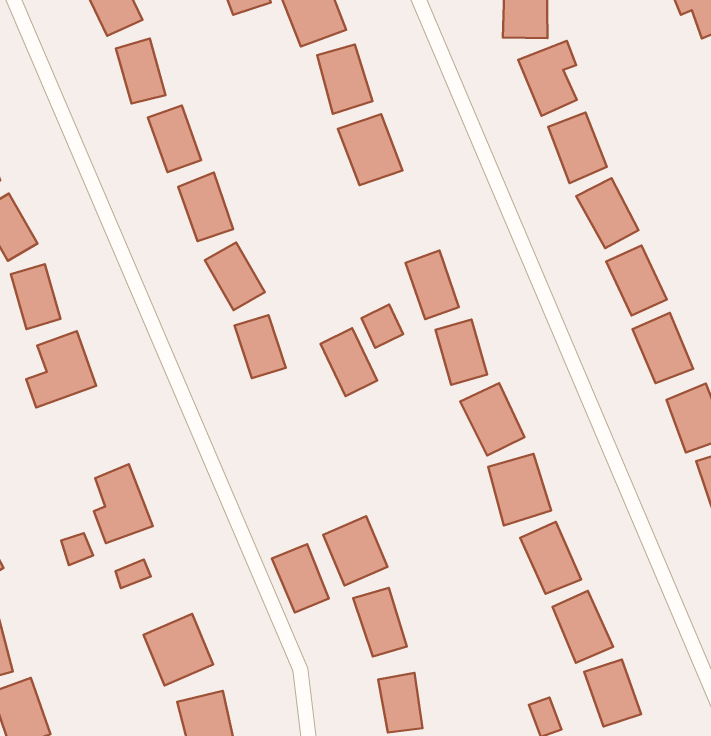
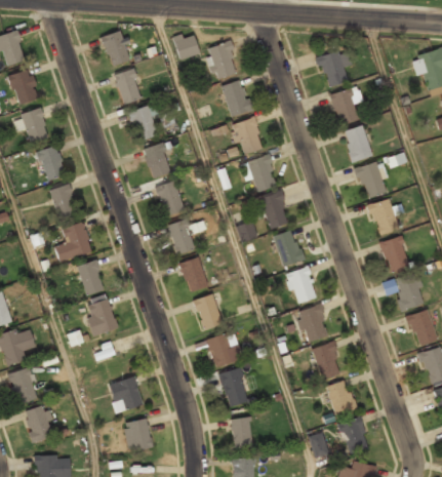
building: none -> [244,155,277,192]
building: [320,328,377,396] -> [179,256,208,292]
building: none -> [77,260,105,294]
building: [272,544,329,613] -> [193,293,222,329]

